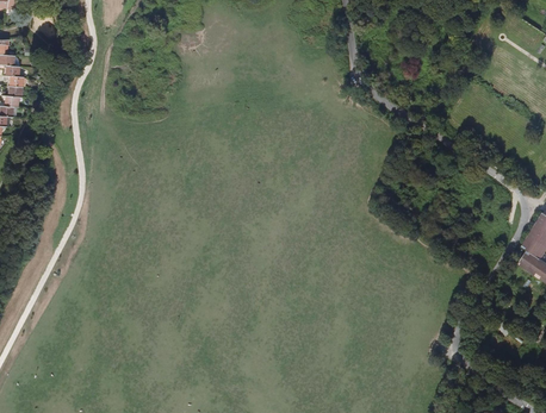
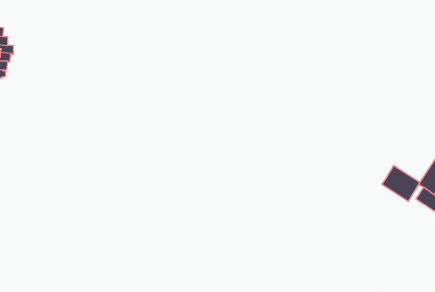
building: none -> [382,165,420,201]

